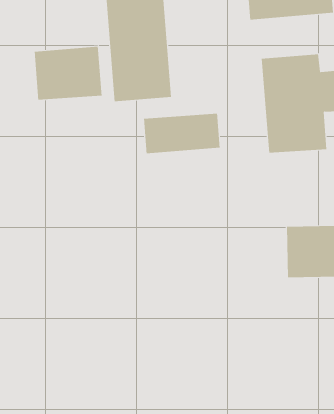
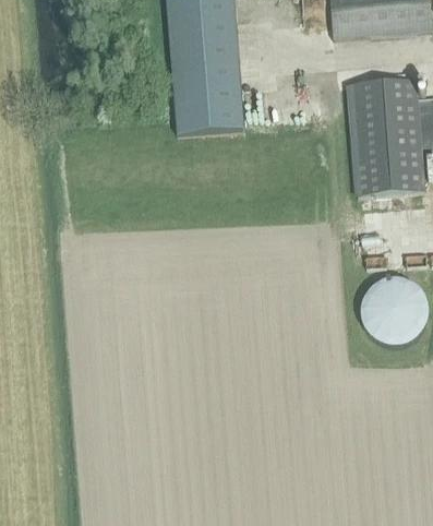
building: [34,46,102,100] -> none
building: [143,113,220,154] -> none

